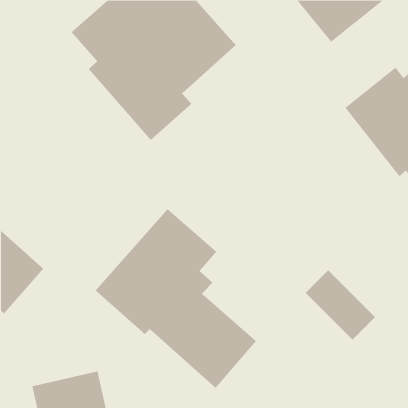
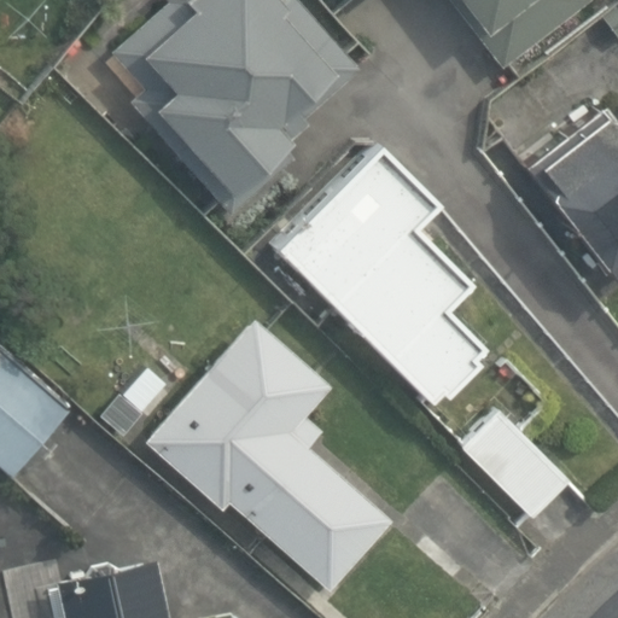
building: none -> [273,141,483,402]

